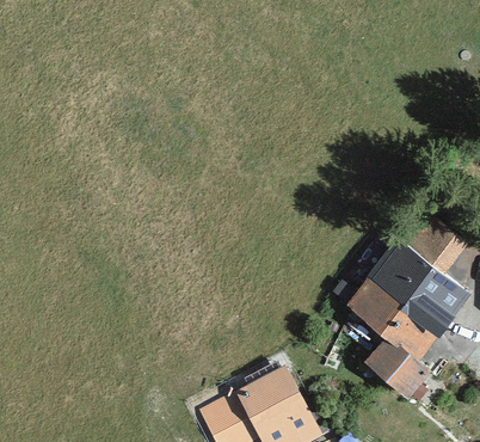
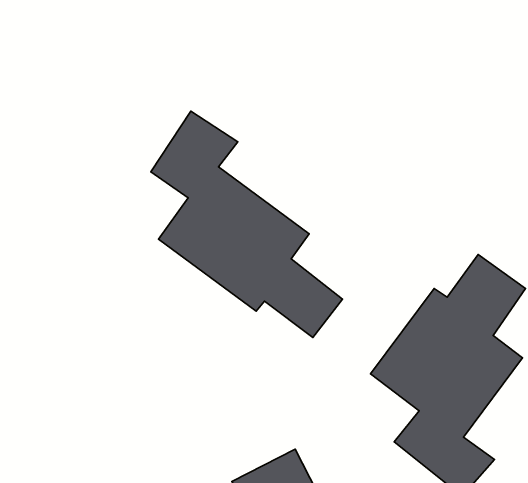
building: none -> [151,111,342,337]

